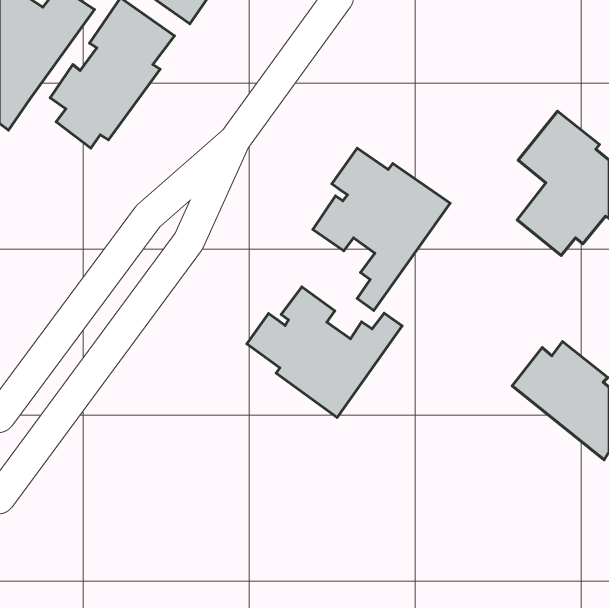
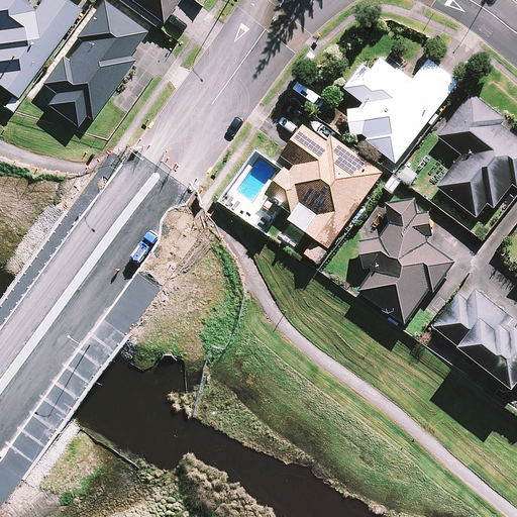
building: none -> [344,58,456,162]
building: none -> [356,201,454,322]
building: [247,287,402,418] -> none

